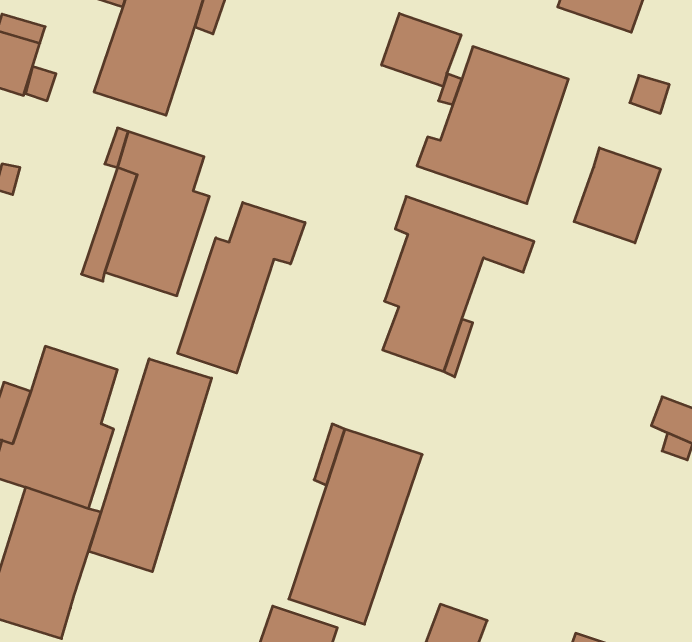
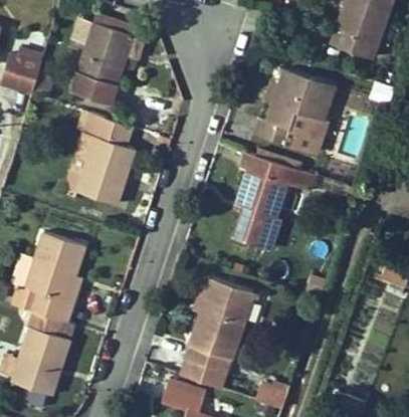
building: [382,13,461,87] -> none
building: [574,148,660,243] -> none
building: [178,202,305,373] -> none
building: [89,359,212,572] -> none

